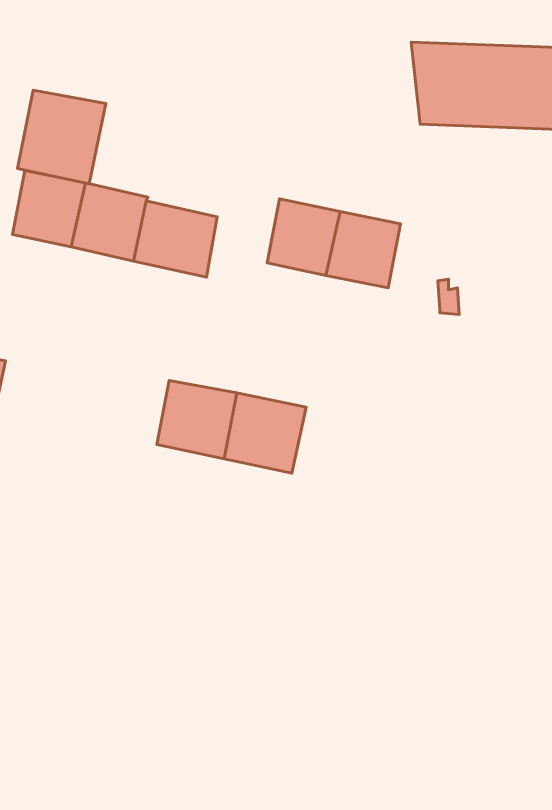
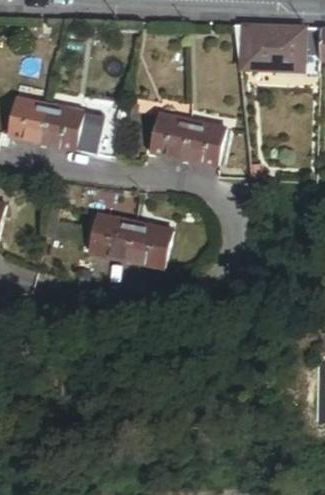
building: [17,90,106,184] -> none

